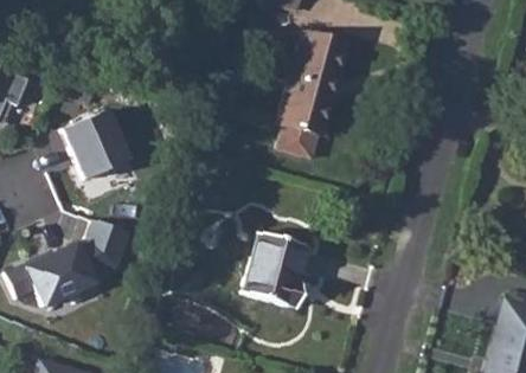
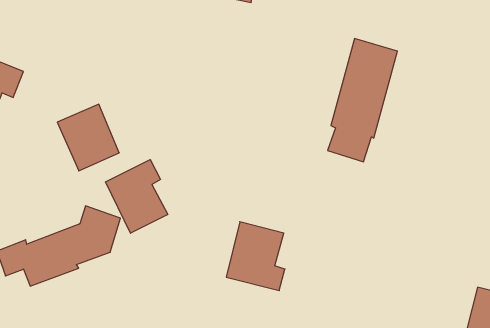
building: [274,33,347,162] -> [328,39,397,162]
building: none -> [106,160,168,233]

